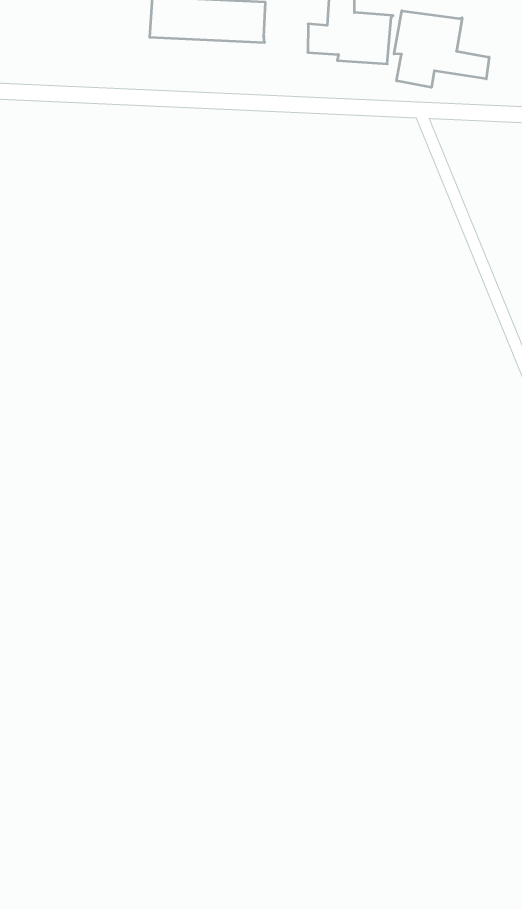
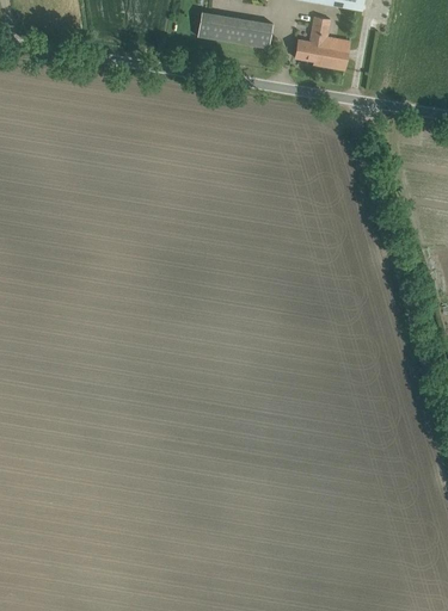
building: [394,11,489,87] -> none

